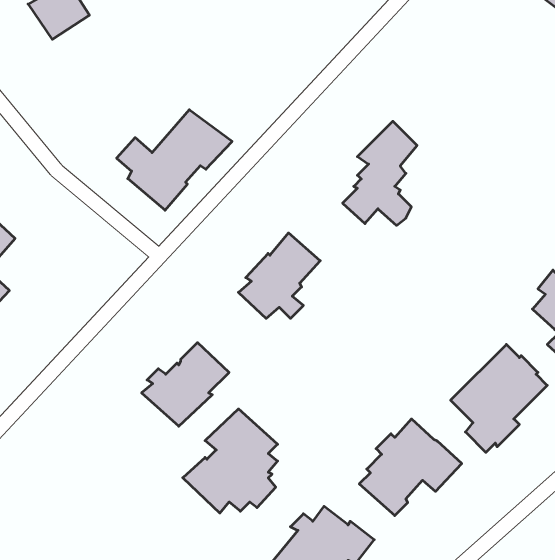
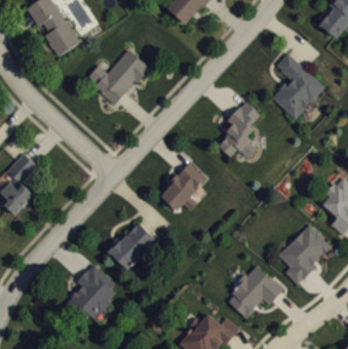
building: none -> [271,52,323,119]
building: [117,110,232,210] -> [87,49,151,105]
building: [183,409,278,513] -> [63,264,115,321]

